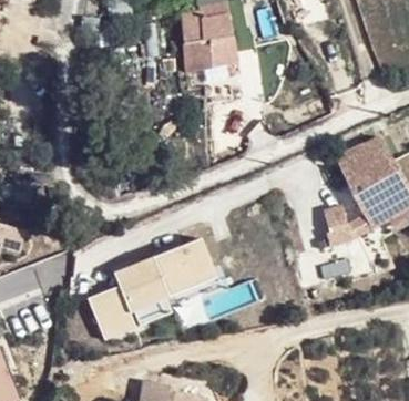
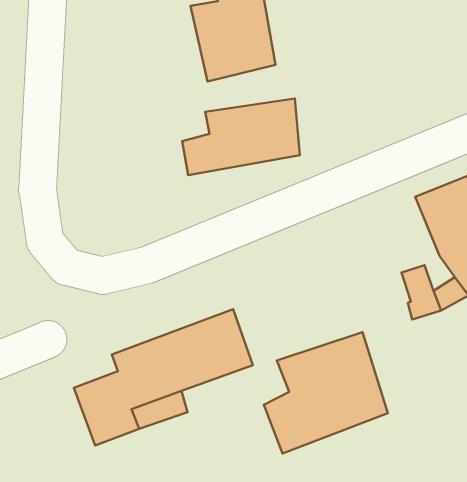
building: none -> [182,98,300,175]
building: none -> [264,332,388,454]

